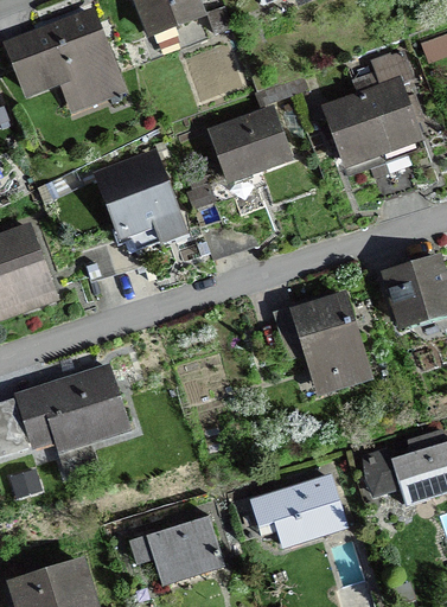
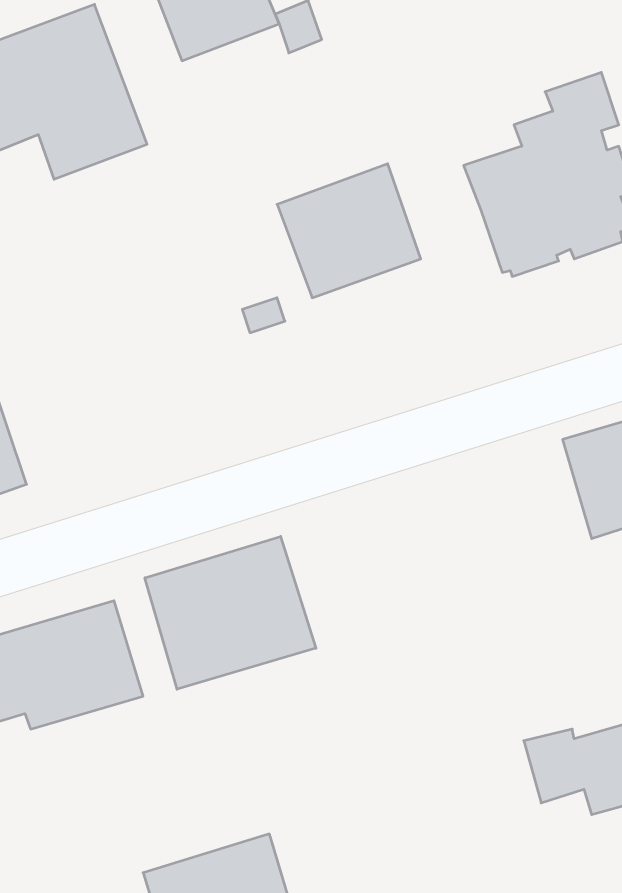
building: [94,149,190,247] -> none
building: [275,293,372,398] -> none
building: none -> [145,536,316,689]
building: [249,474,341,544] -> none

